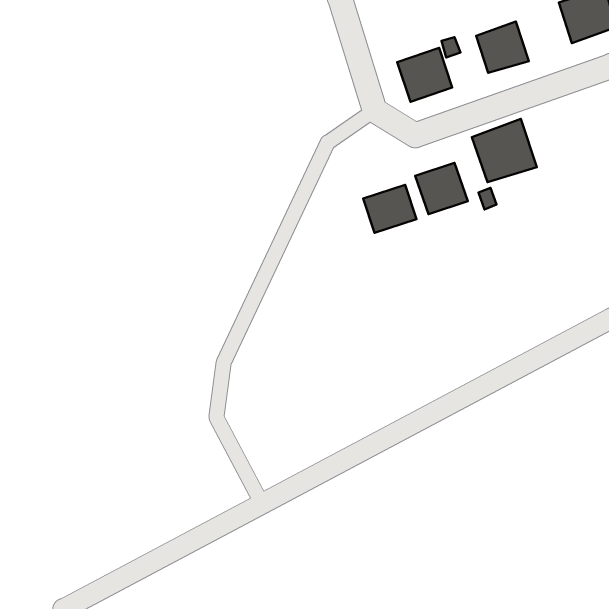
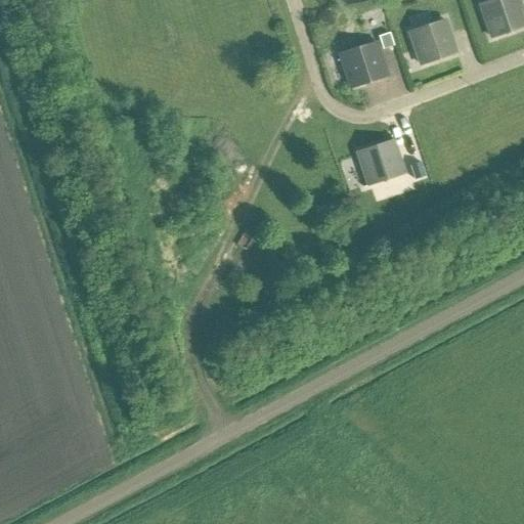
building: [472,119,537,182] -> none
building: [363,185,417,233] -> none

